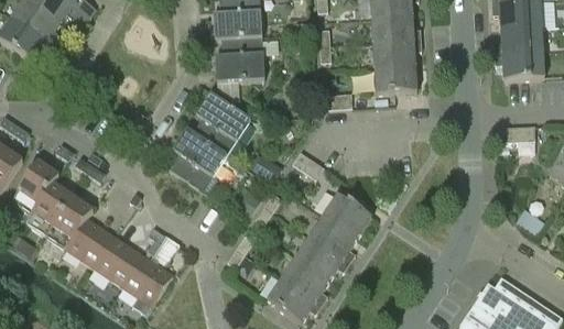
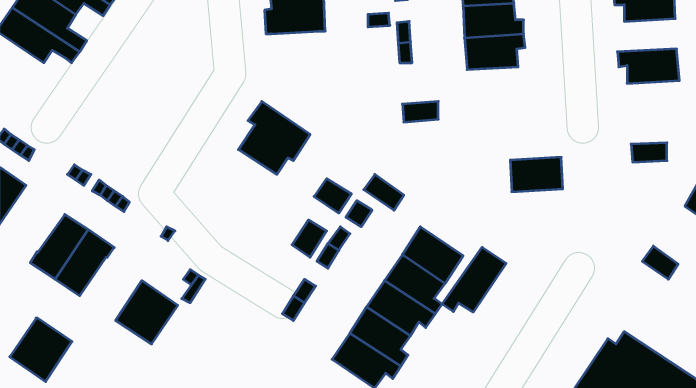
building: [495,26,542,53] -> none
building: [215,36,263,81] -> none
building: [375,65,416,92] -> [510,157,563,192]
building: [169,128,227,194] -> none
building: [11,160,58,213] -> none
building: none -> [442,247,506,312]
building: [65,217,115,267] -> [10,318,72,382]
building: [122,255,173,314] -> none

